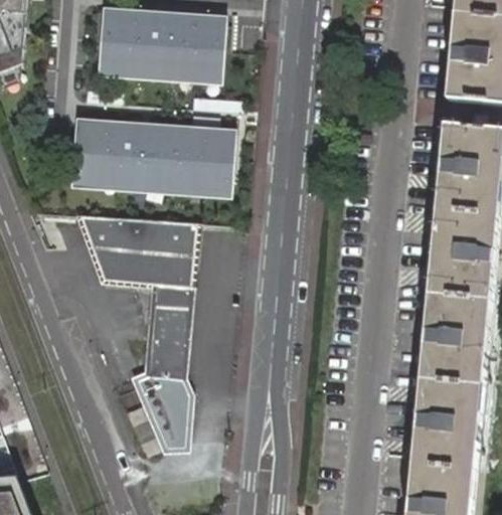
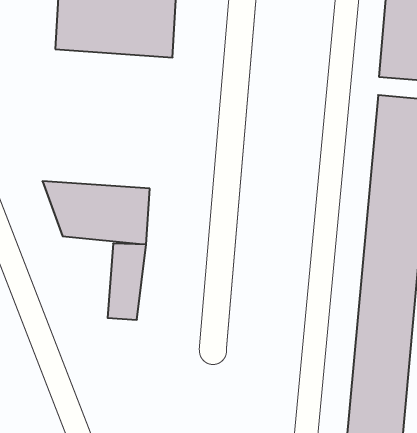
building: [63,117,234,197] -> none
building: [134,369,194,451] -> none

